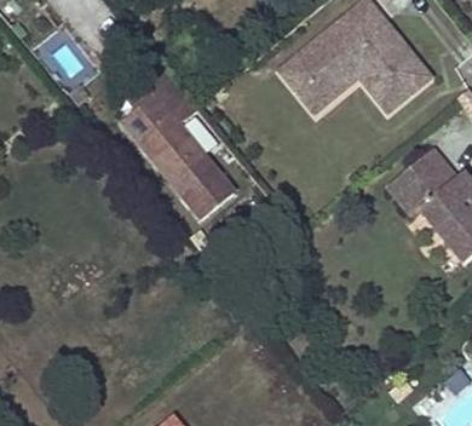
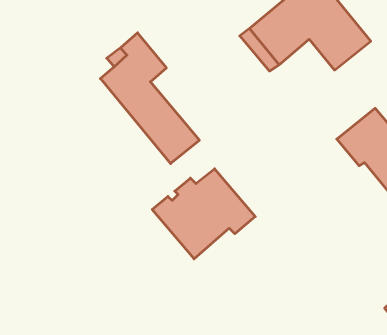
building: none -> [152,169,255,259]

